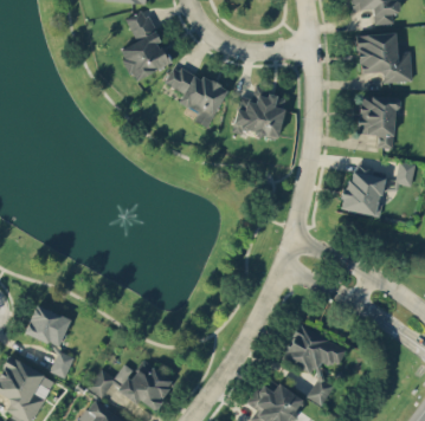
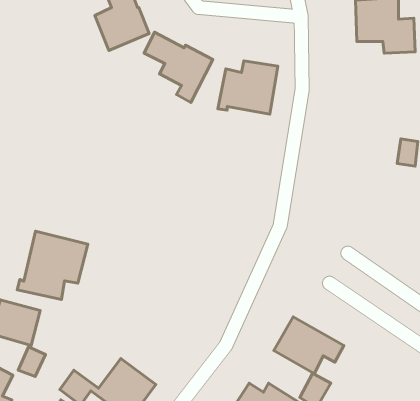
building: [359,97,397,149] -> none
building: [342,164,385,218] -> none
building: none -> [17,231,88,300]

